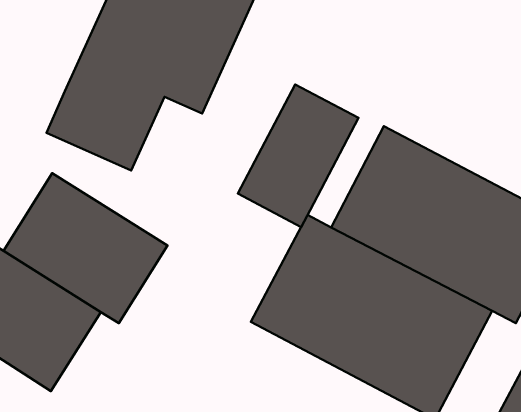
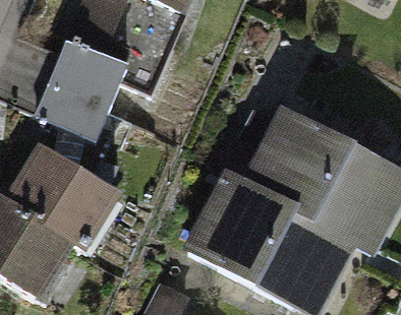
building: [238,84,359,227] -> none

